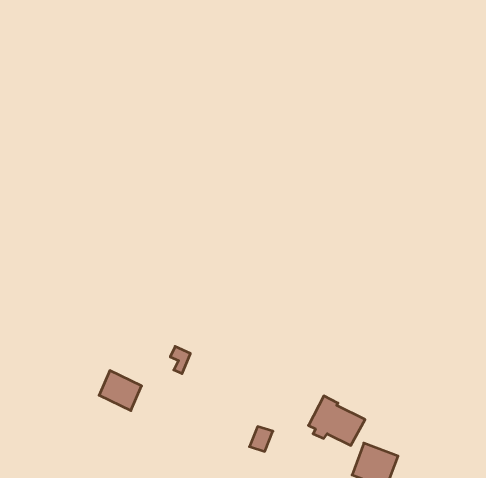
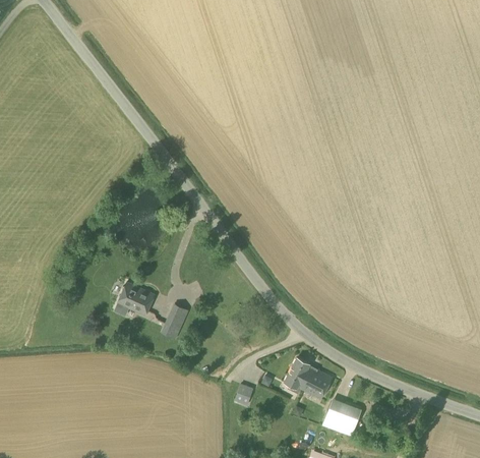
building: [99,371,142,411] -> [117,282,154,317]

